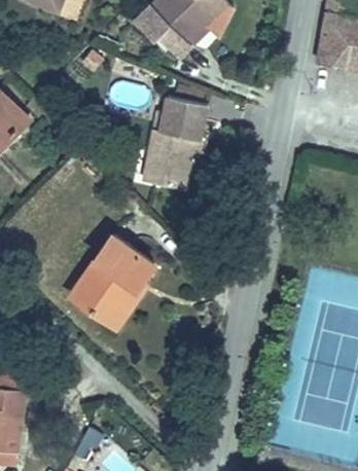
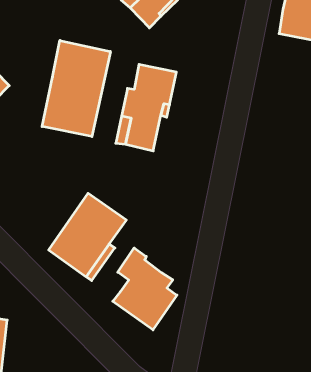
building: none -> [42,40,110,137]
building: none -> [113,248,177,330]

